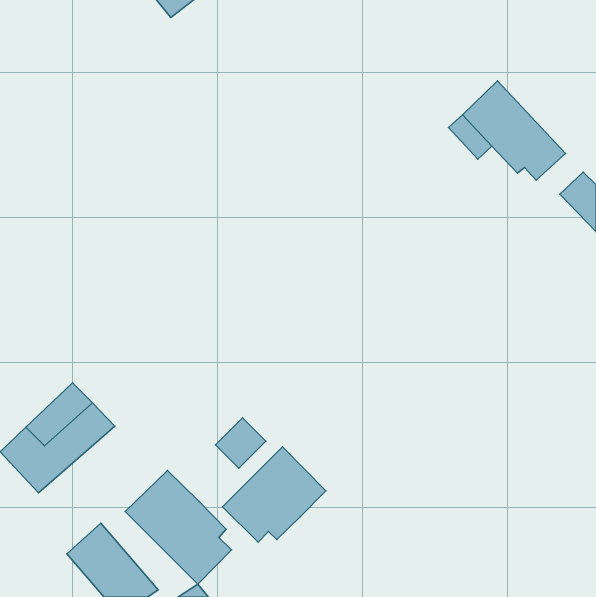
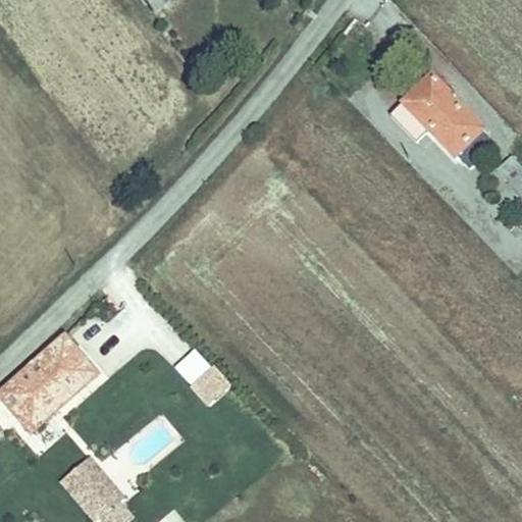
building: [222,447,326,542] -> none
building: [125,470,232,584] -> none

